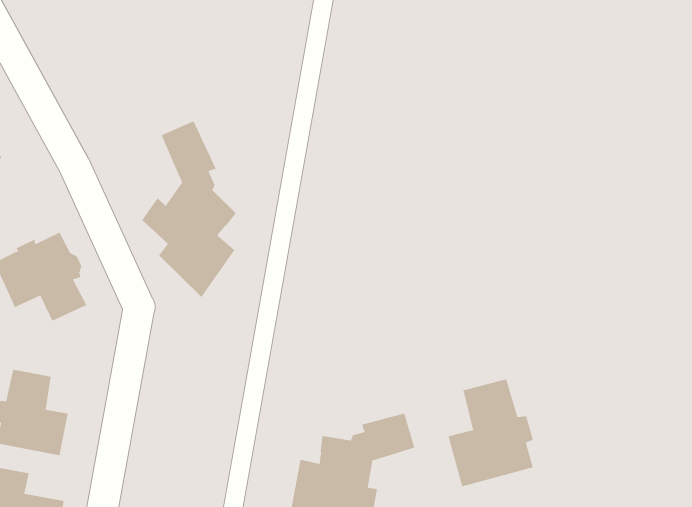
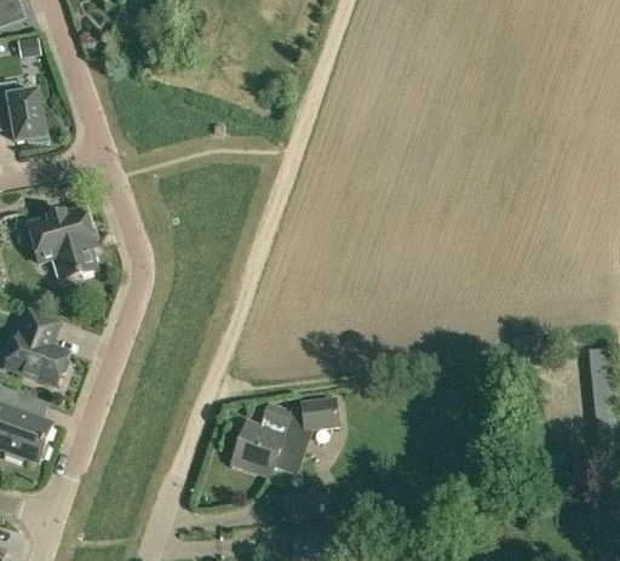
building: [142,121,237,298] -> none
building: [448,378,533,487] -> none

